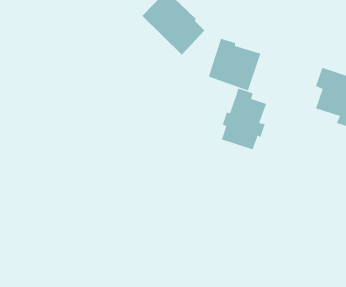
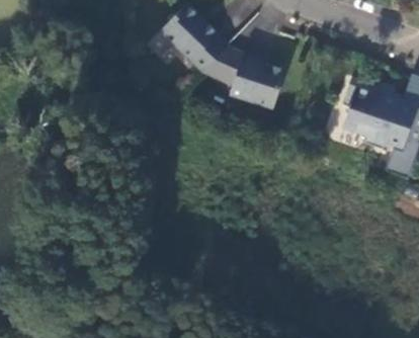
building: none -> [203,47,244,86]
building: [221,88,267,150] -> none

